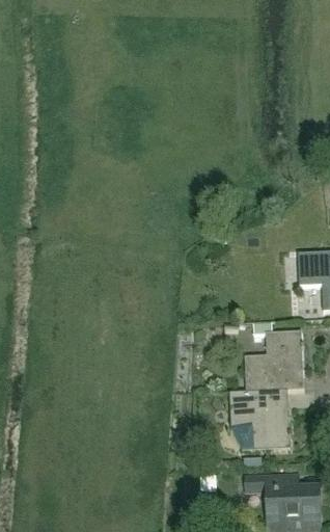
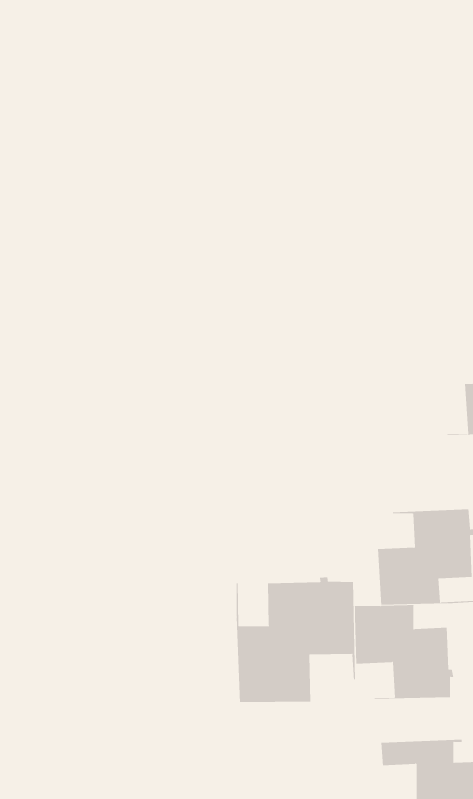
building: none -> [236,577,356,703]

